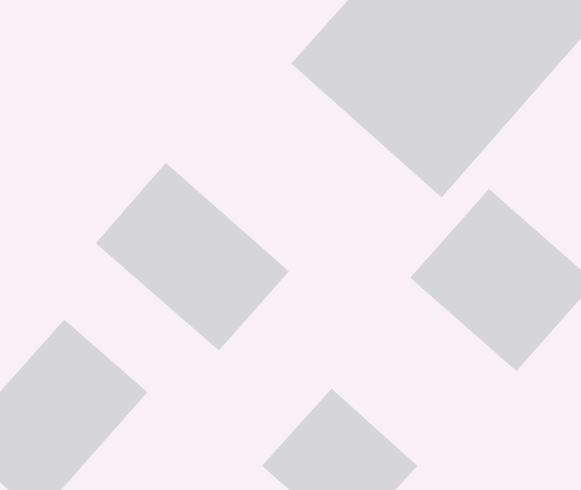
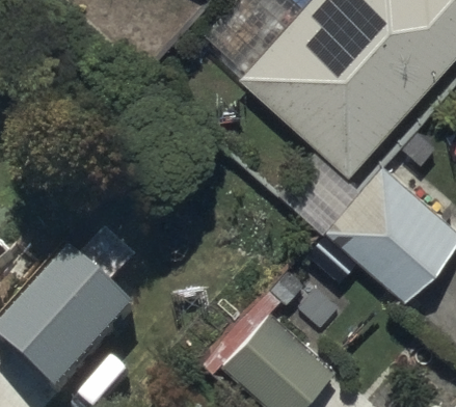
building: [95,162,290,351] -> none

